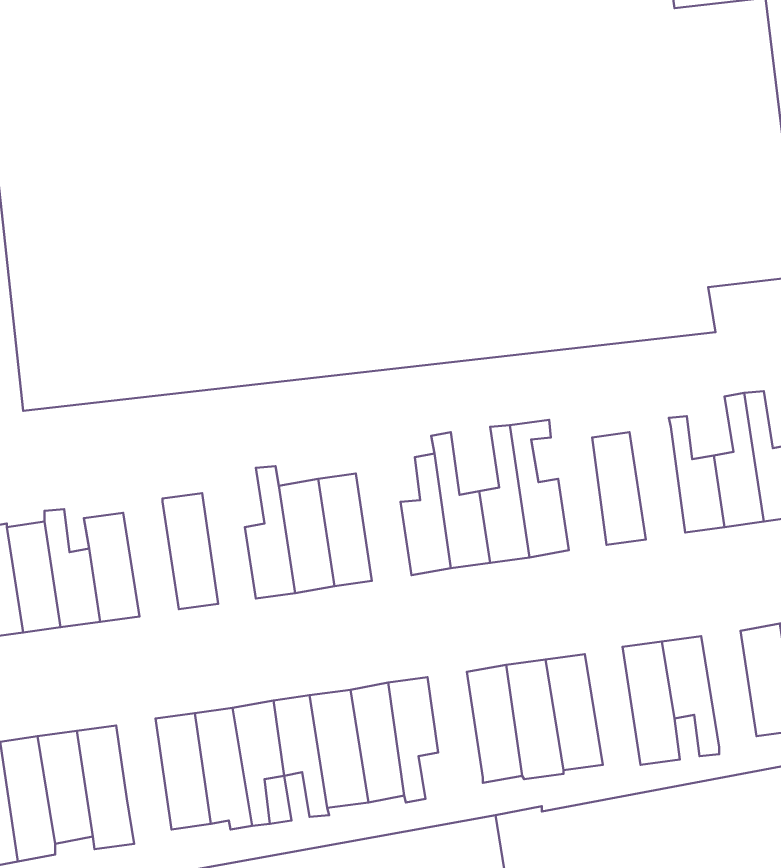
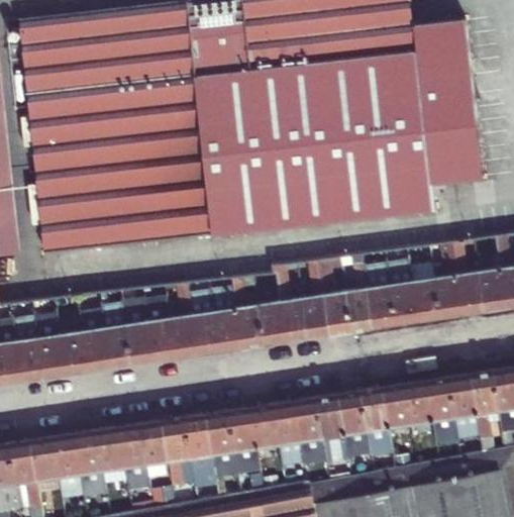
building: none -> [386,263,417,326]
building: none -> [345,265,373,332]
building: none -> [230,278,263,349]
building: none -> [143,296,175,363]
building: none -> [100,305,131,370]
building: none -> [426,378,458,443]
building: none -> [361,387,392,457]
building: none -> [272,401,303,464]
building: none -> [96,427,128,496]

